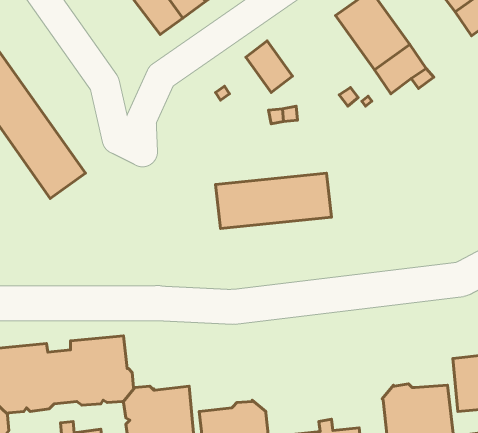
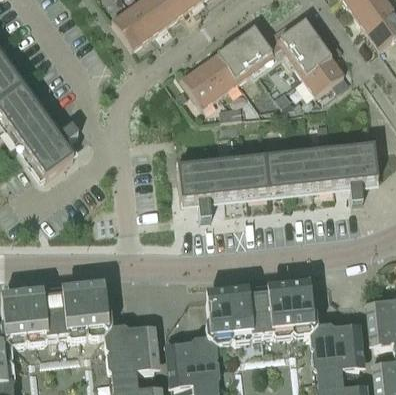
building: none -> [218,26,275,80]
building: none -> [182,65,221,106]
building: none -> [265,145,378,192]
building: none -> [205,284,318,346]

